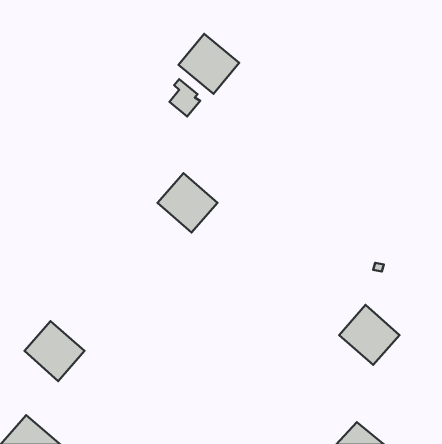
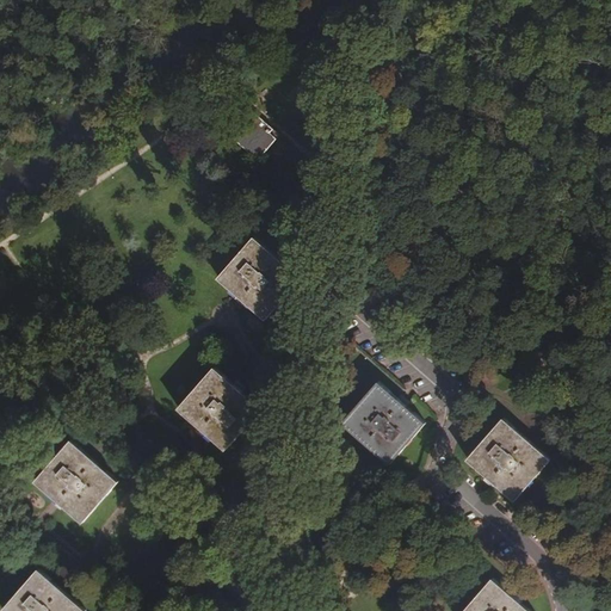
building: [179,34,239,94] -> none
building: none -> [177,369,258,451]
building: none -> [340,383,422,464]

